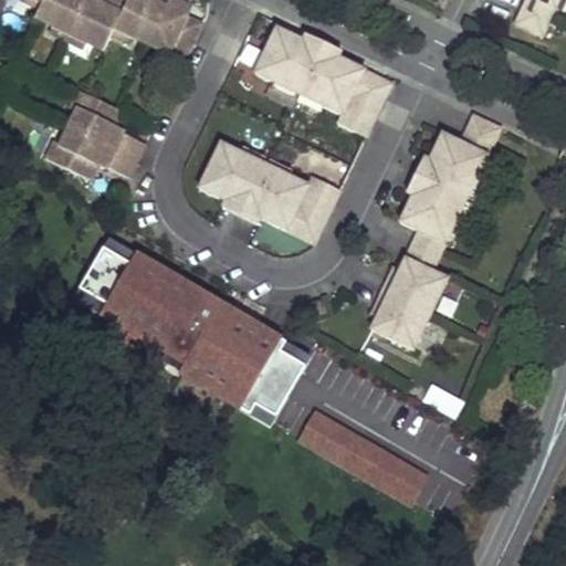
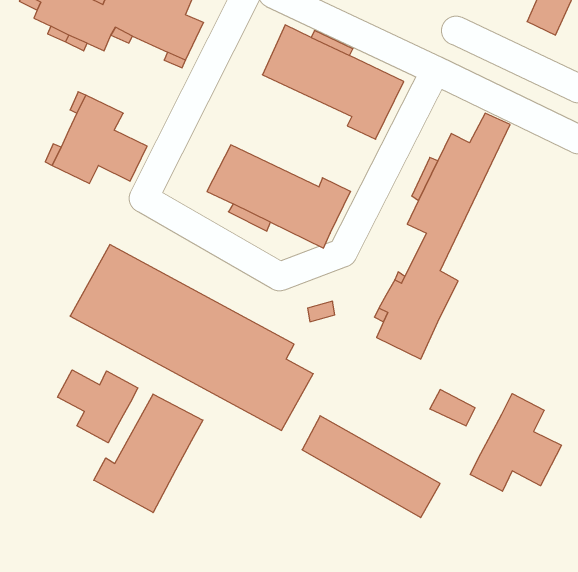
building: none -> [58,370,138,443]
building: none -> [470,394,561,491]
building: none -> [94,394,203,513]

